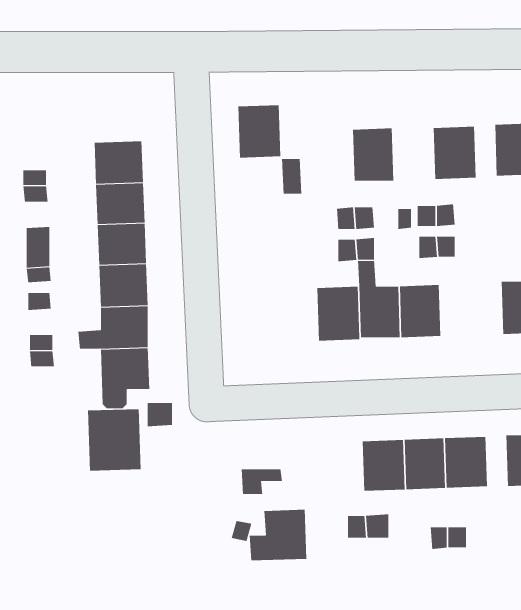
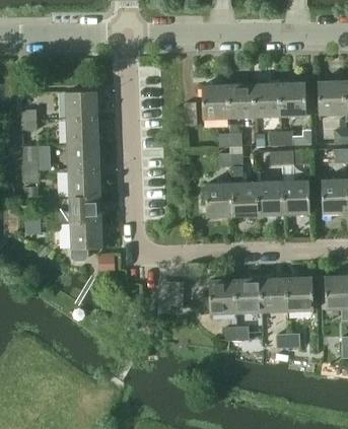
building: [238,105,281,158] -> [201,85,228,119]
building: none -> [253,84,279,118]
building: none -> [282,182,309,215]
building: [87,408,141,471] -> none
building: [249,509,307,561] -> [198,281,234,313]

